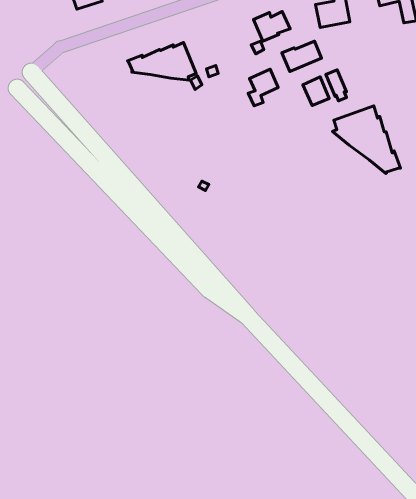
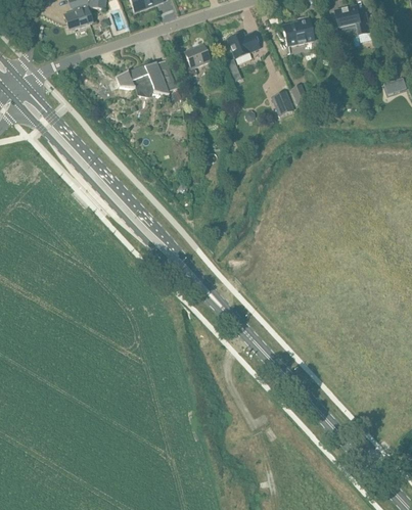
building: [282,41,322,71] -> none
building: [248,69,278,106] -> [183,44,210,77]
building: [333,106,401,173] -> none

